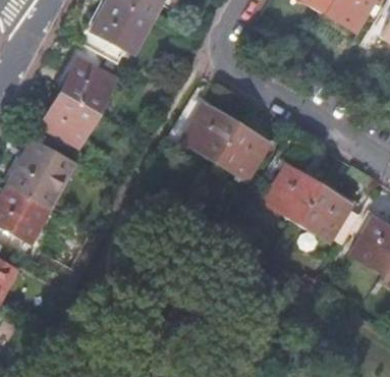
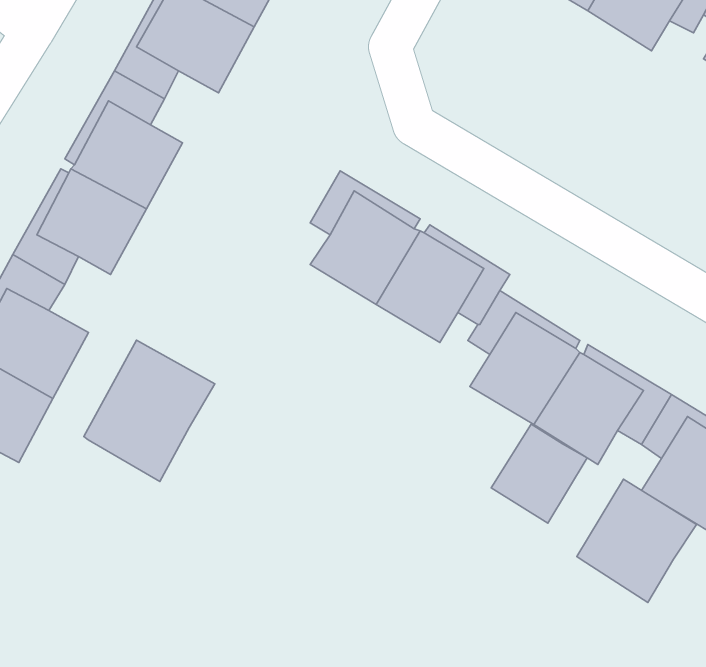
building: none -> [84,340,215,482]
building: none -> [491,424,587,523]
building: none -> [577,479,696,603]

